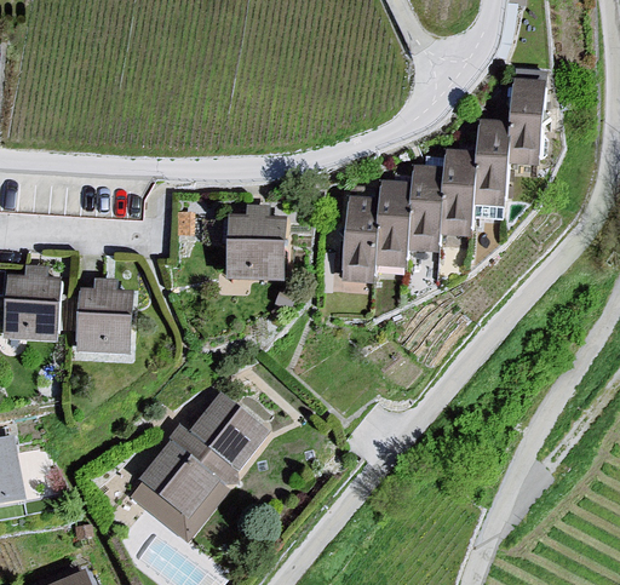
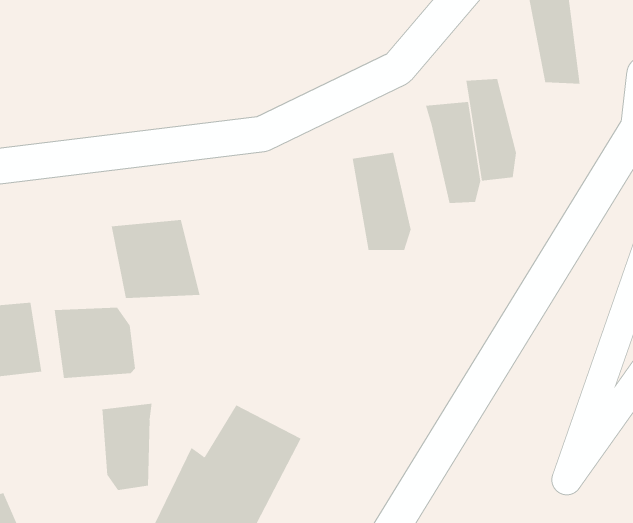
building: [486,120,515,220] -> none
building: [381,180,423,270] -> none
building: [223,212,289,282] -> [111,219,200,298]
building: none -> [102,403,152,491]

